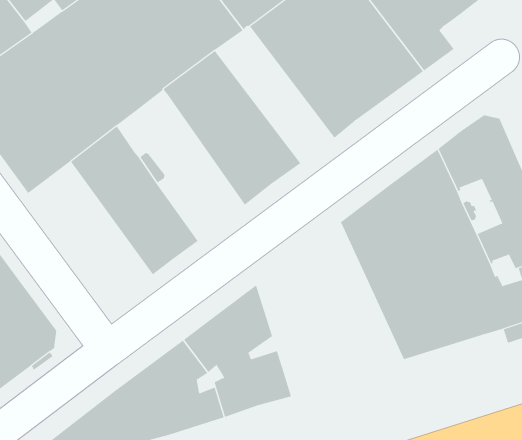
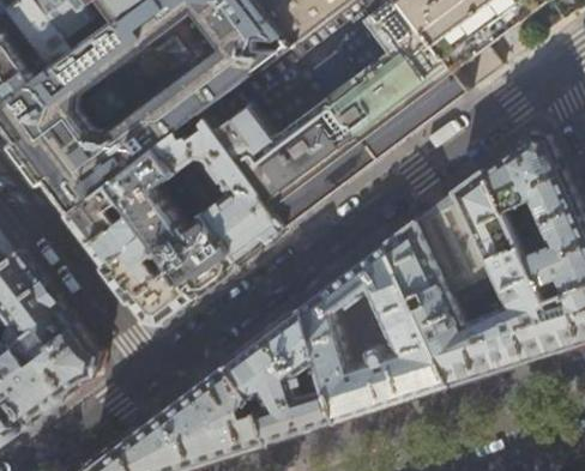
building: none -> [253,46,374,185]
building: none -> [153,115,283,264]
building: none -> [62,183,189,320]
building: none -> [295,244,445,422]

